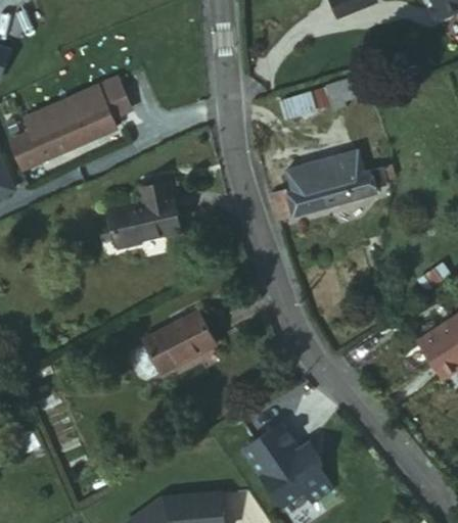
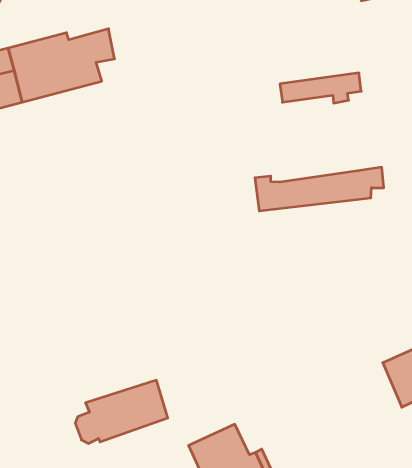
building: [282,150,359,195] -> none
building: [108,186,181,245] -> none
building: [136,311,220,379] -> [75,380,168,443]

